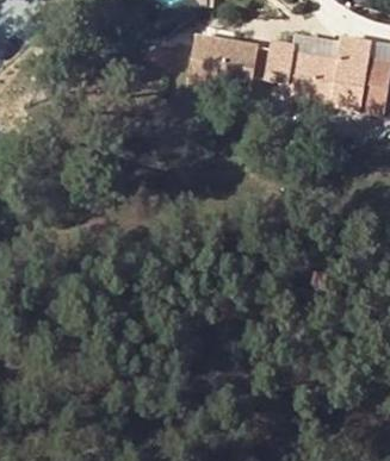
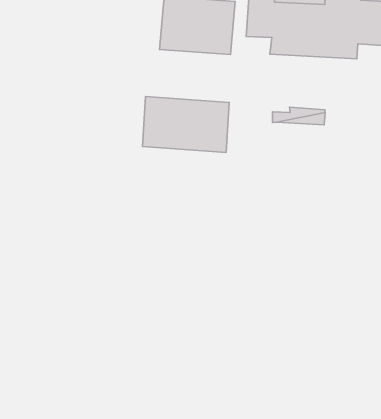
building: none -> [142,96,229,153]

